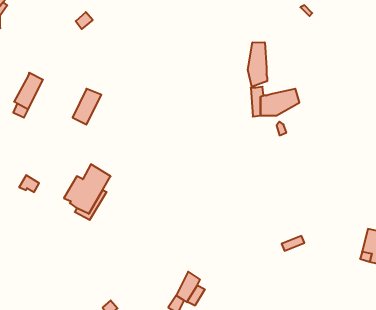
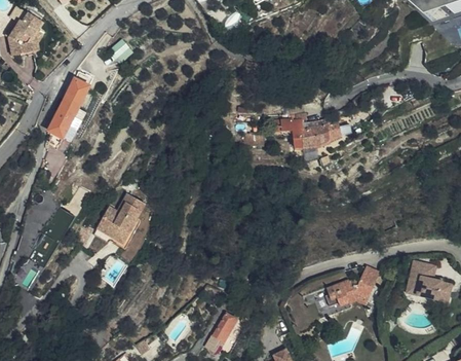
building: [248,42,267,87] -> none
building: [73,89,101,125] -> [64,70,93,107]
building: none -> [324,266,380,308]

